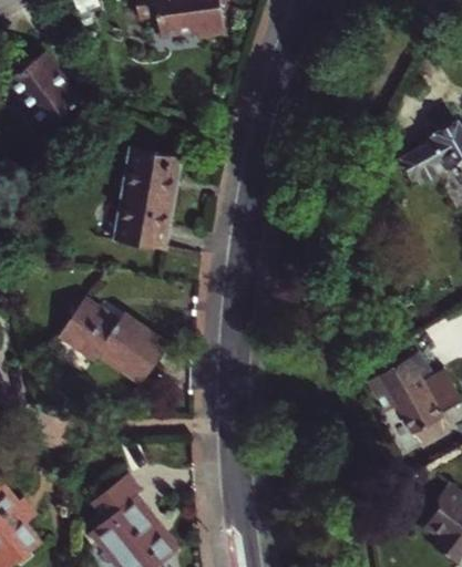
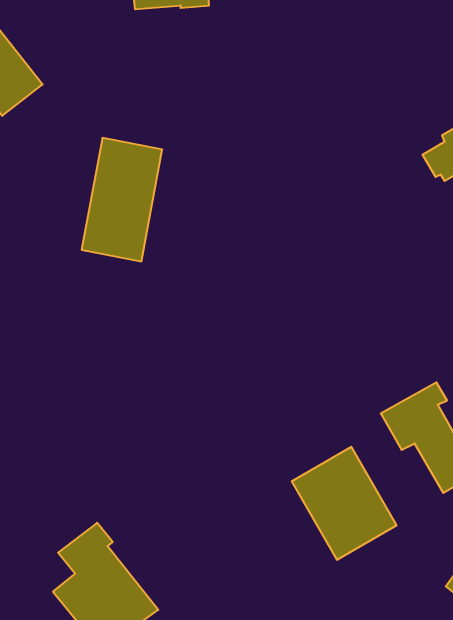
building: [61,299,170,384] -> none
building: none -> [292,447,396,560]

